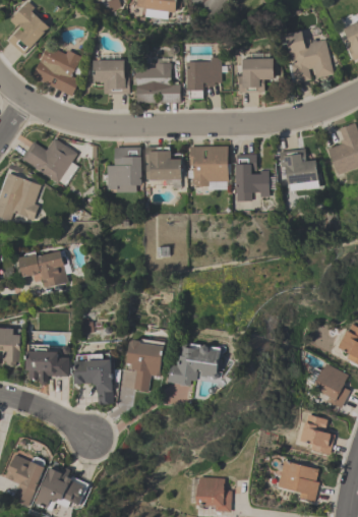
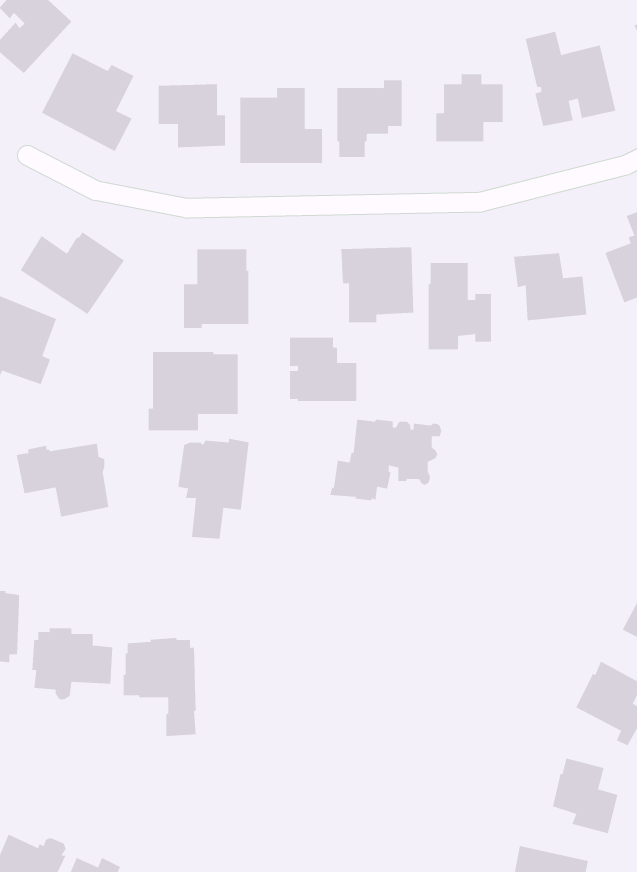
building: [145,148,181,181] -> [289,337,357,401]
building: none -> [148,351,238,431]
building: [128,336,166,389] -> [178,438,249,539]
building: [169,340,228,383] -> [329,419,442,501]

